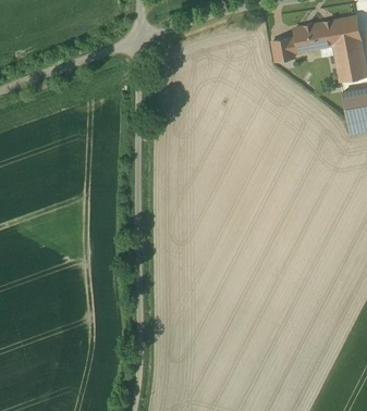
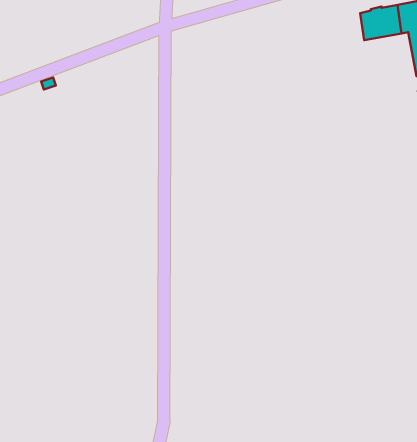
building: [271,37,297,61] -> none

